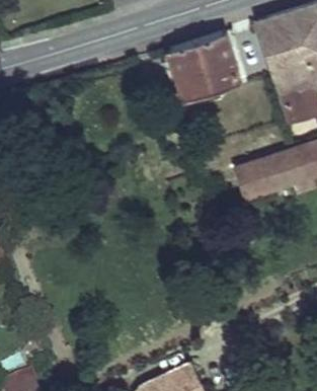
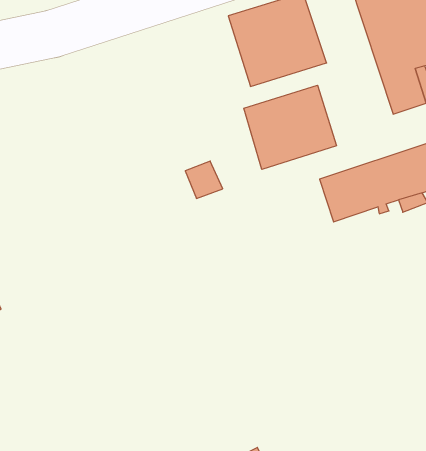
building: none -> [244,85,336,169]

